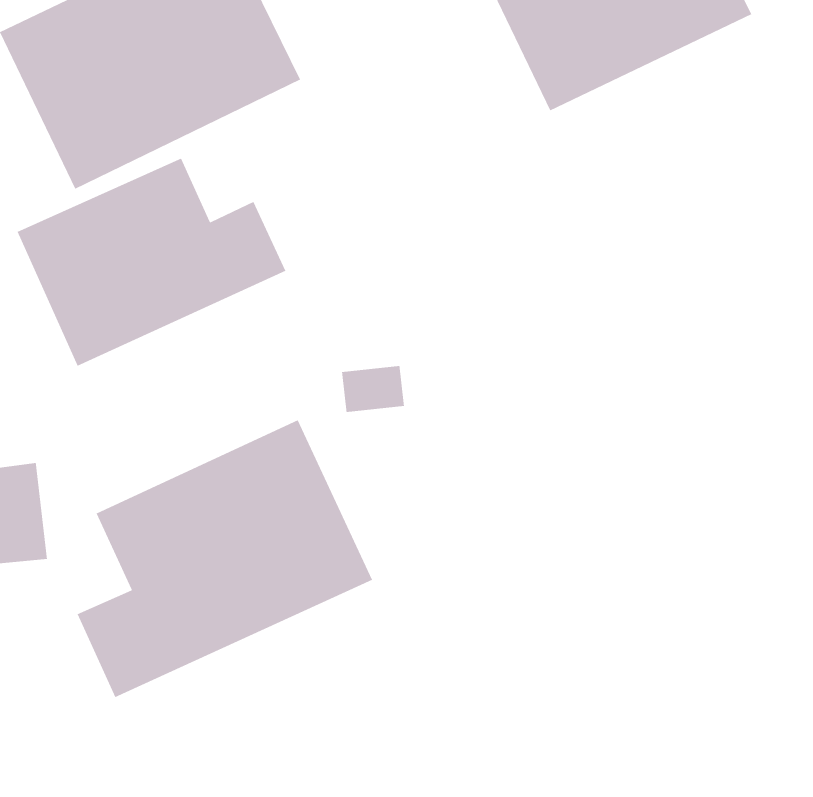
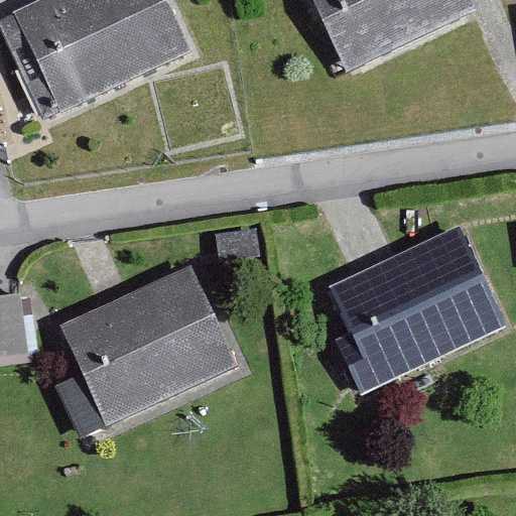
building: [17,157,286,367] -> none
building: none -> [328,226,506,393]

